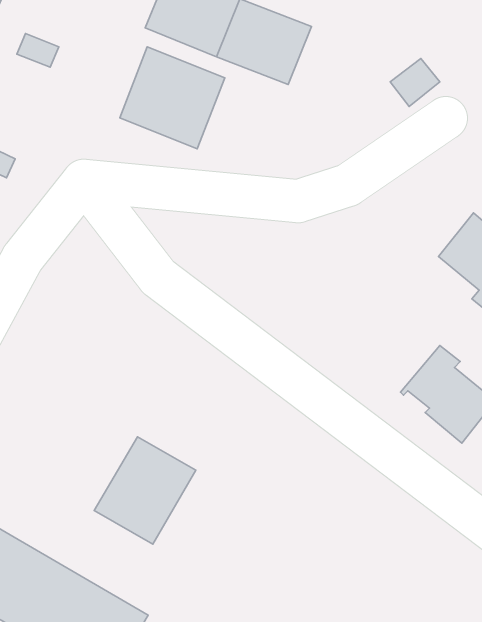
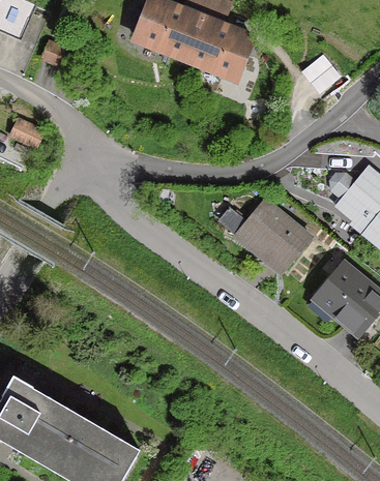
building: [120,47,225,149] -> none
building: none -> [235,199,310,266]
building: [94,437,196,544] -> none

